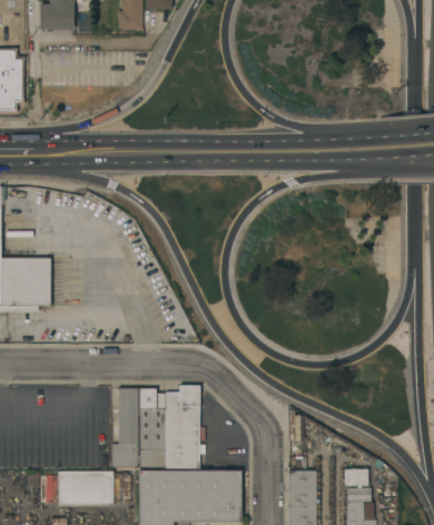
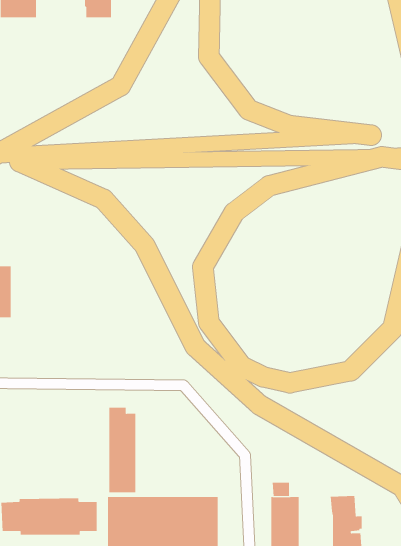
building: [165,384,199,466] -> none
building: [111,387,139,466] -> none

